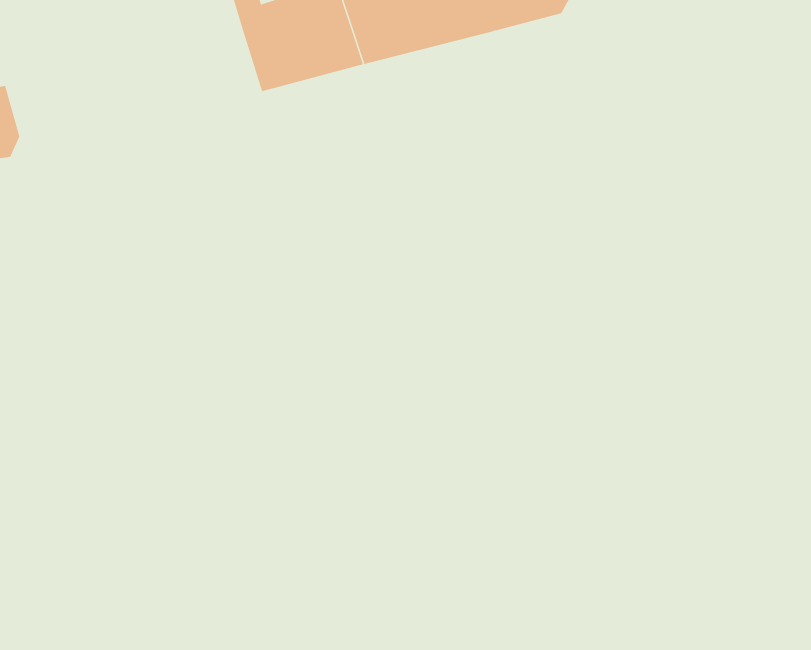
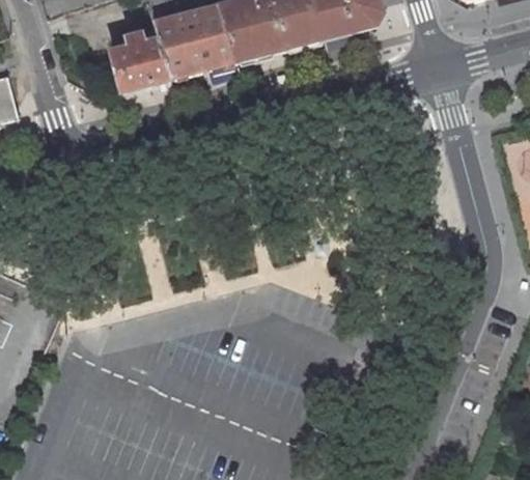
building: none -> [110,23,172,91]

